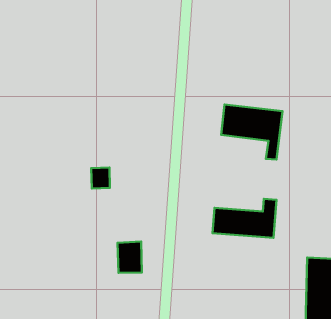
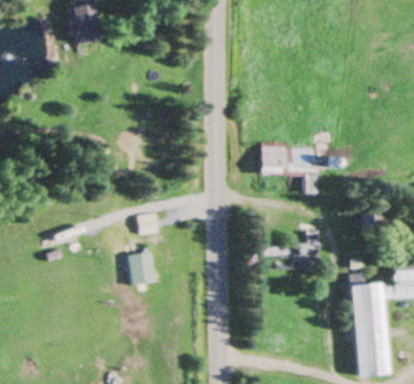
building: [118,242,142,273] -> [129,253,155,284]

